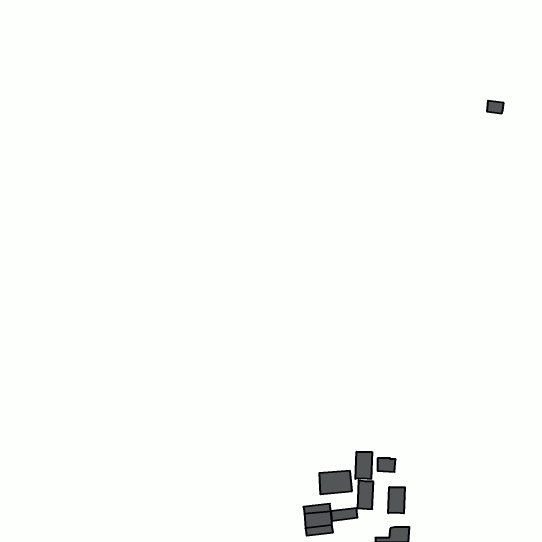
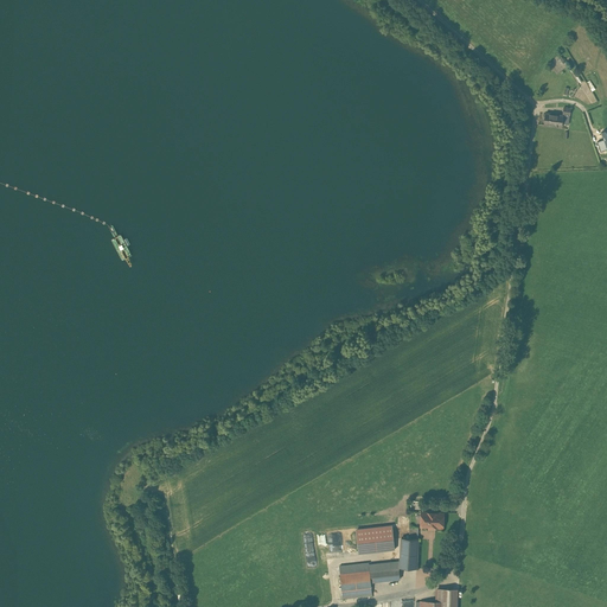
building: [355,452,372,479] -> none
building: [388,487,405,513] -> none

